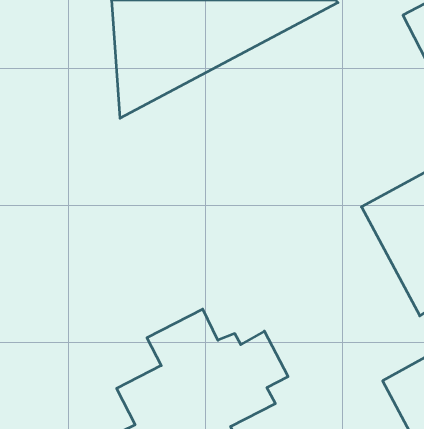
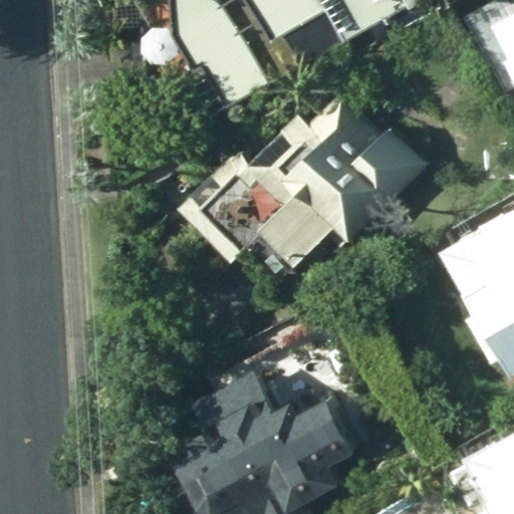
building: none -> [206,88,433,269]

